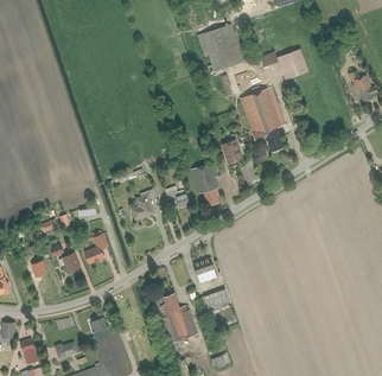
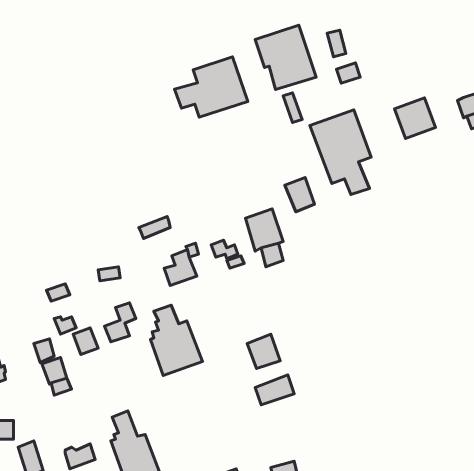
building: none -> [175,57,248,117]
building: [278,47,308,78] -> [395,98,435,139]
building: [159,291,198,344] -> [151,305,202,376]

